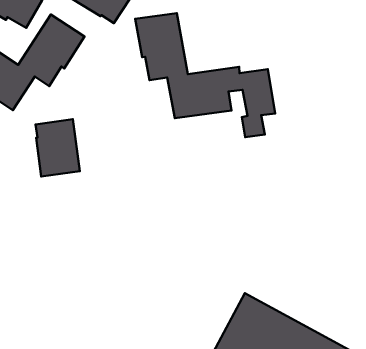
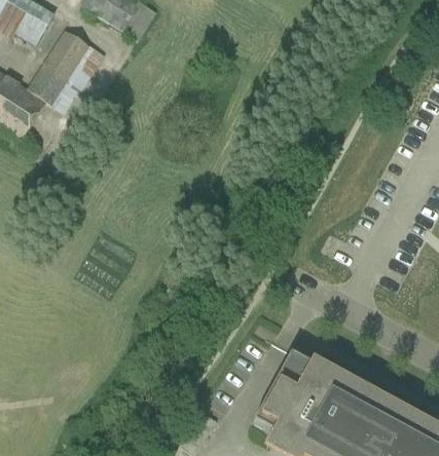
building: [135,13,275,137] -> none
building: [35,119,80,176] -> none

